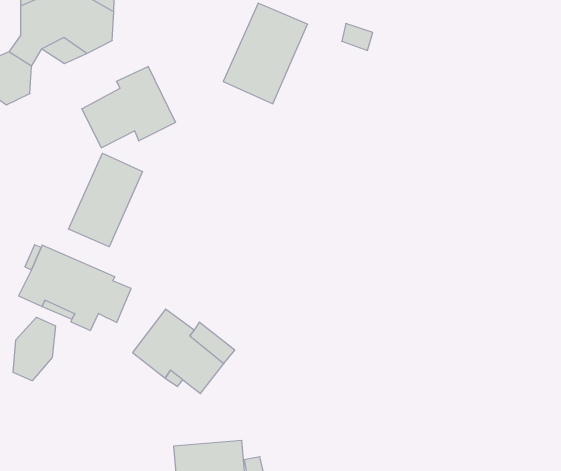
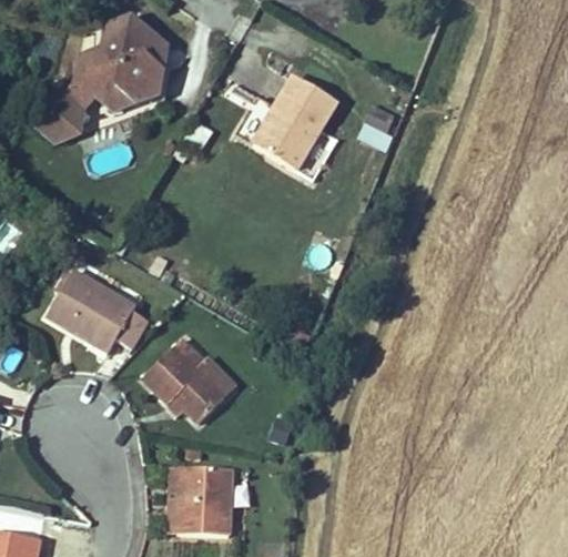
building: [82,66,175,148] -> none
building: [69,153,142,247] -> none
building: [13,317,55,381] -> none

